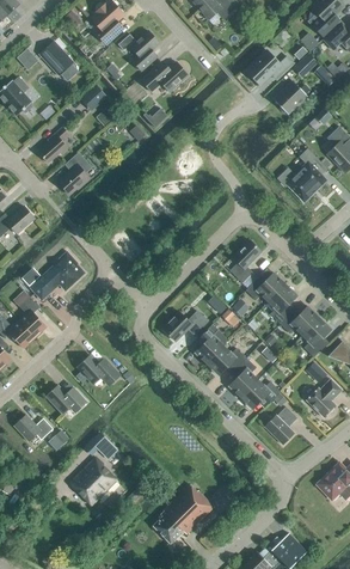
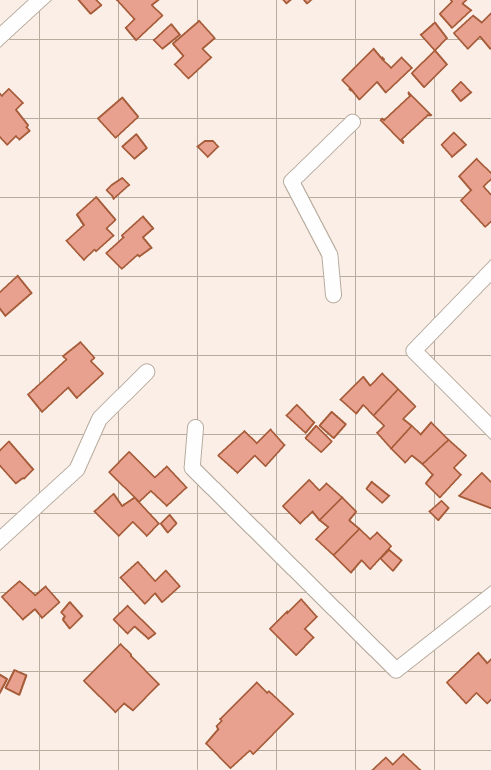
building: [39,42,72,75] -> none
building: [141,61,188,92] -> none
building: [37,127,69,163] -> [106,216,153,269]
building: [276,148,326,203] -> none
building: [229,240,260,283] -> none
building: [18,296,47,338] -> none
building: [195,324,223,363] -> none
building: none -> [109,452,187,506]
building: [306,379,342,417] -> none
building: [45,385,86,414] -> [120,562,180,604]
building: [264,406,296,445] -> [270,599,317,655]

